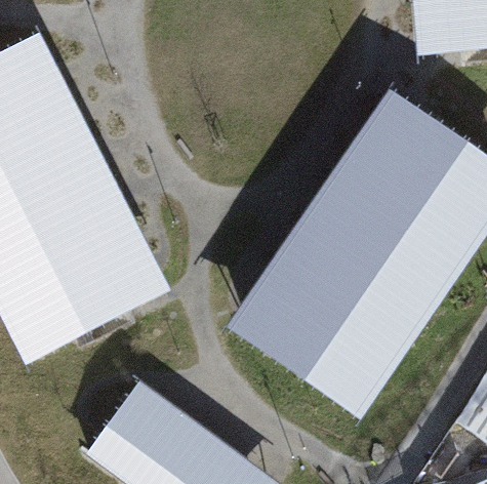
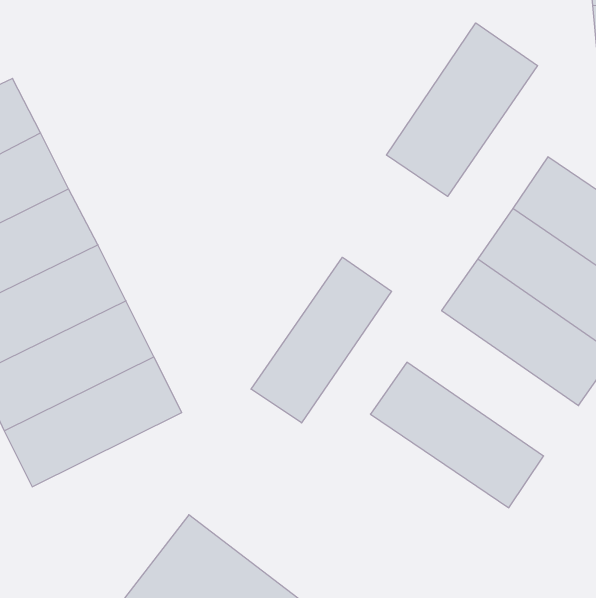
building: none -> [386,23,538,196]
building: none -> [251,257,392,423]
building: [305,229,431,335] -> none
building: [252,305,379,411] -> none

